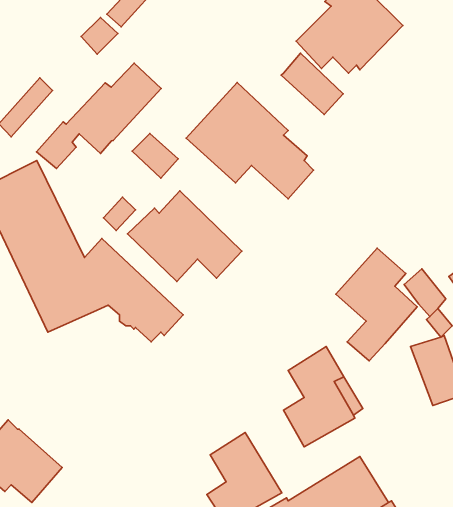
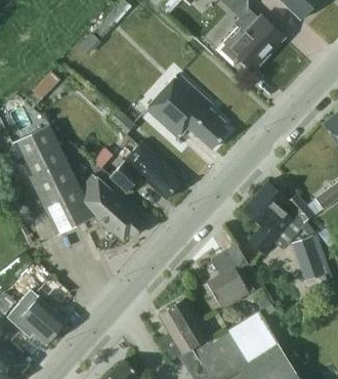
building: [281,53,343,114] -> none
building: [37,63,161,169] -> none

